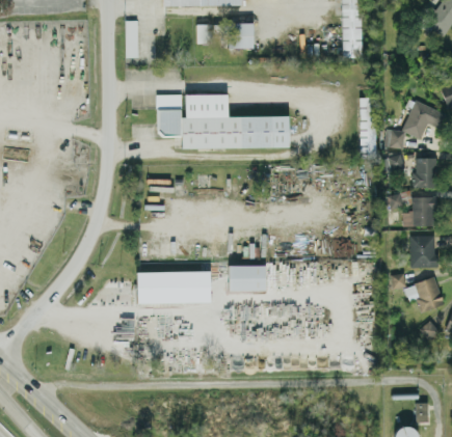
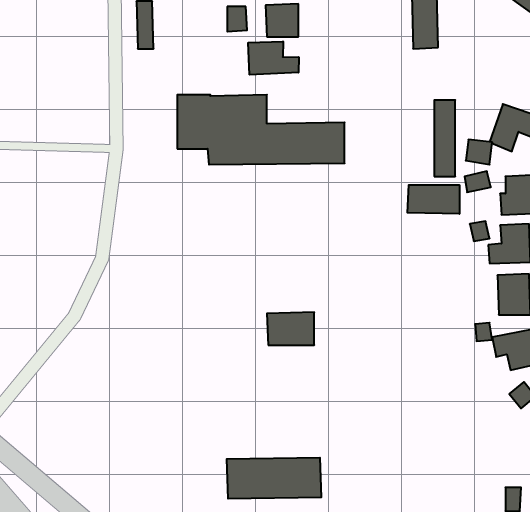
building: none -> [248,41,299,75]
building: none -> [407,185,459,214]
building: [136,271,211,303] -> [227,458,321,499]

